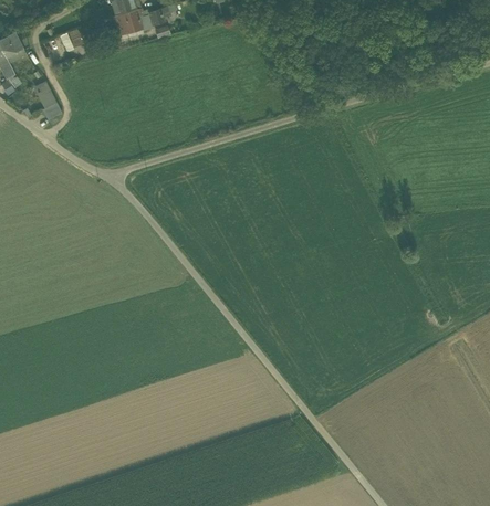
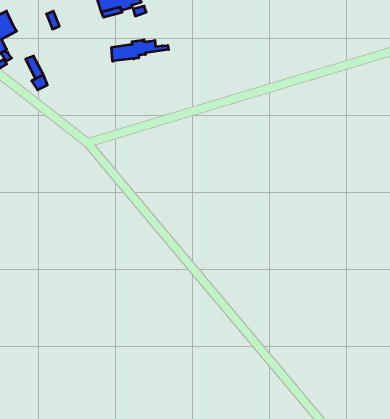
building: none -> [112,40,169,61]

